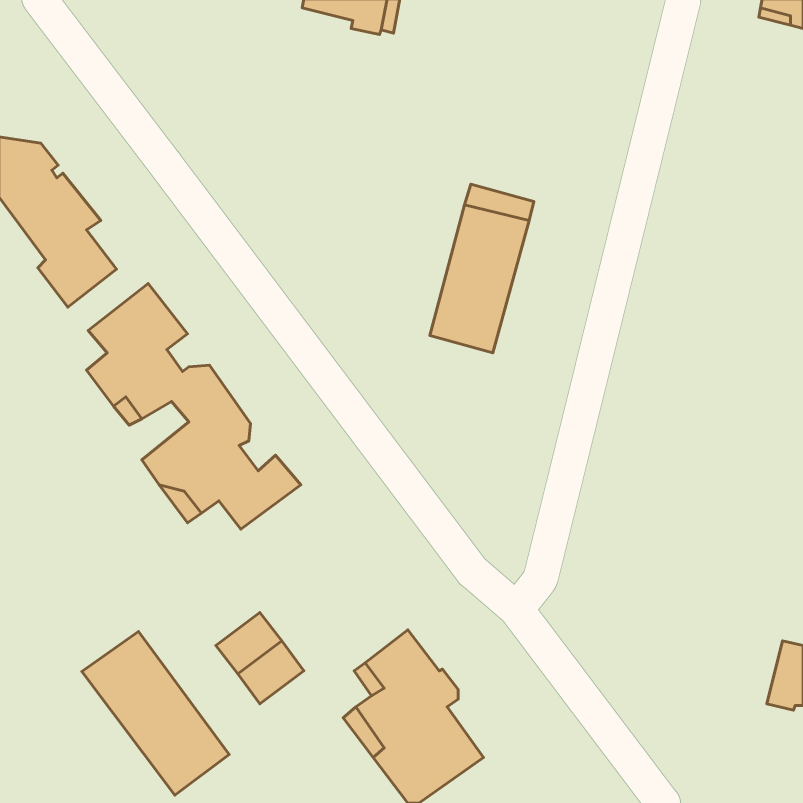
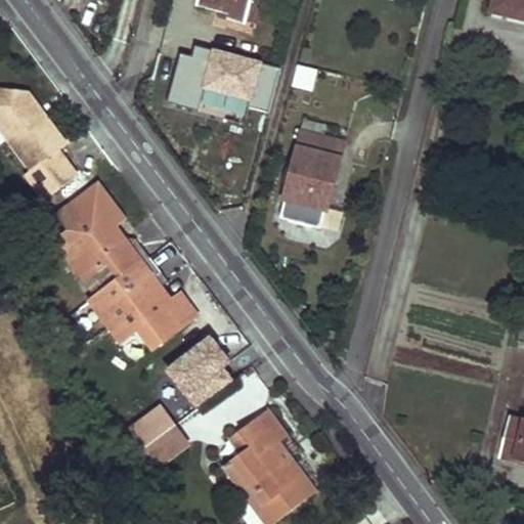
building: none -> [166,47,276,119]
building: none -> [159,329,231,407]
building: [82,632,229,795] -> none

